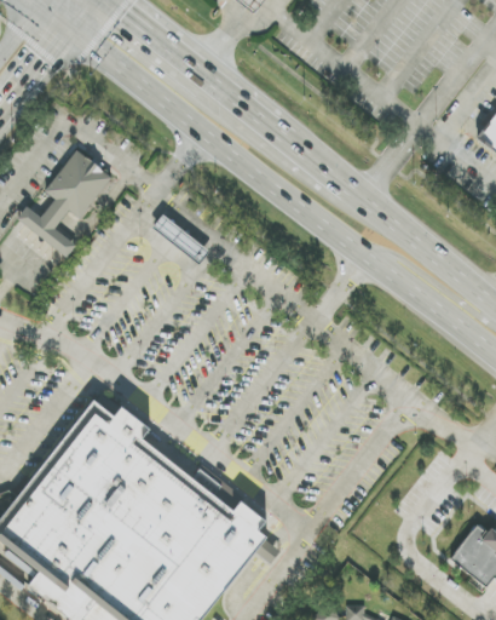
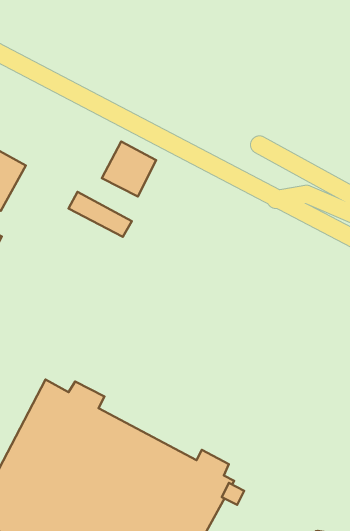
building: none -> [102,141,156,197]

